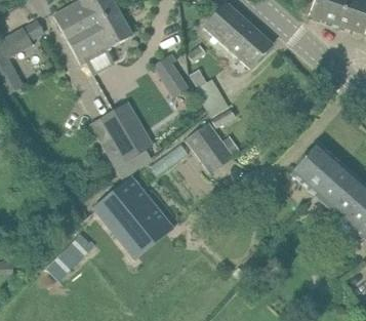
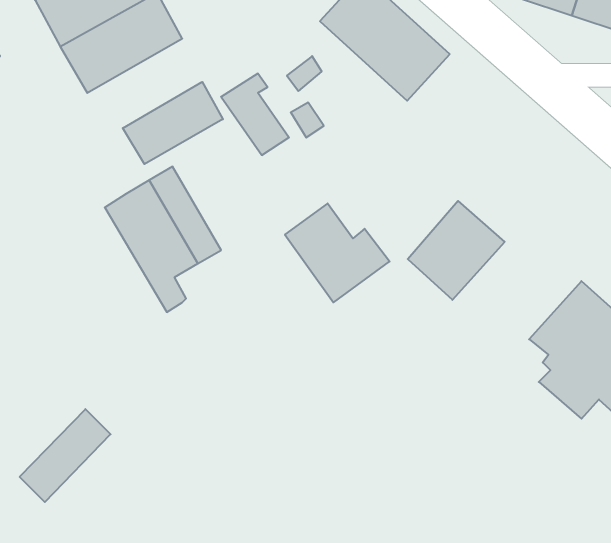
building: none -> [123,82,223,164]
building: [291,142,342,194] -> [408,201,505,300]
building: [93,174,173,257] -> none

